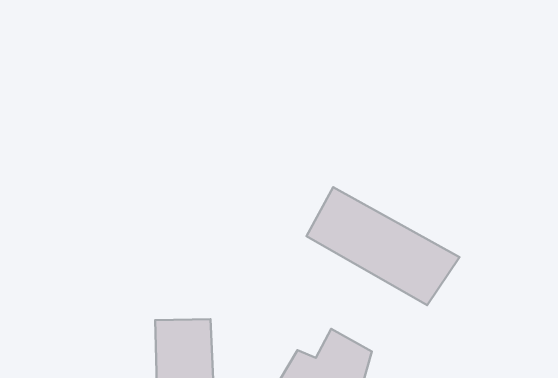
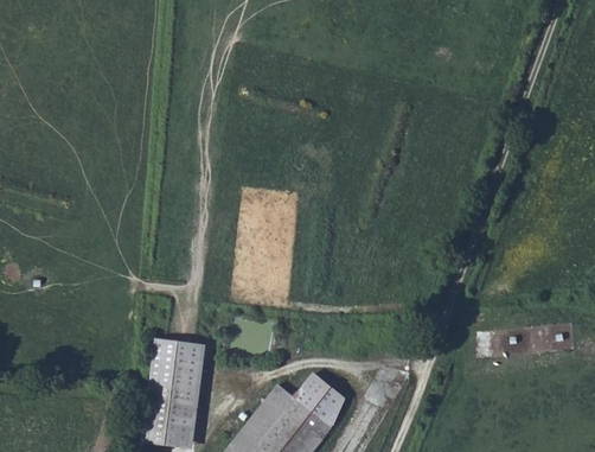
building: [307,187,459,305] -> none

